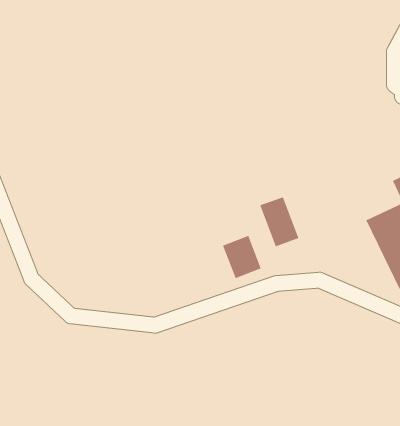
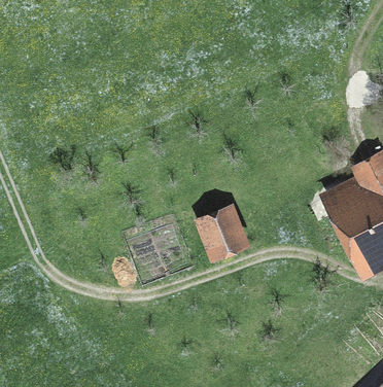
building: [260,196,299,247] -> none

